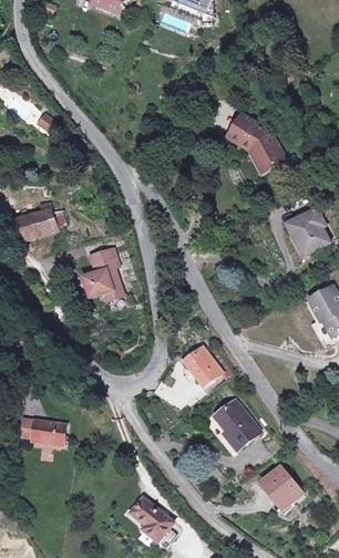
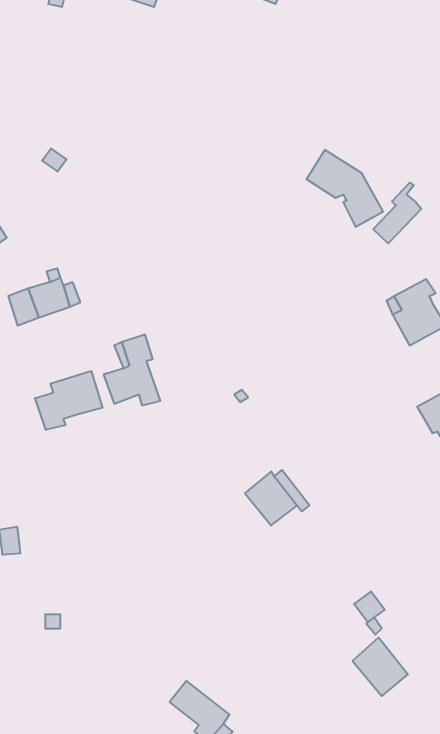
building: none -> [373,183,421,243]
building: none -> [35,371,103,430]
building: [215,400,260,451] -> none
building: [21,418,64,444] -> none

